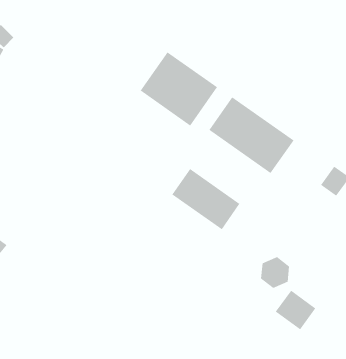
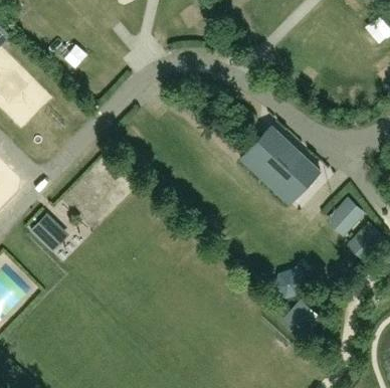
building: [140,52,218,126] -> none
building: [172,168,240,230] -> none

